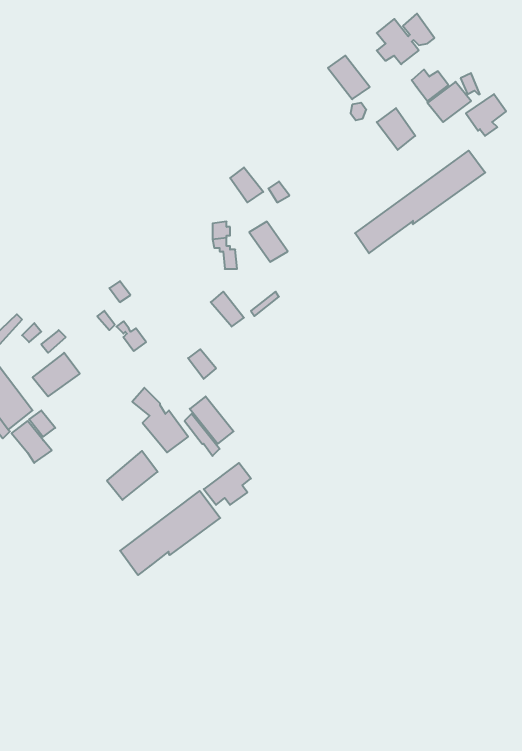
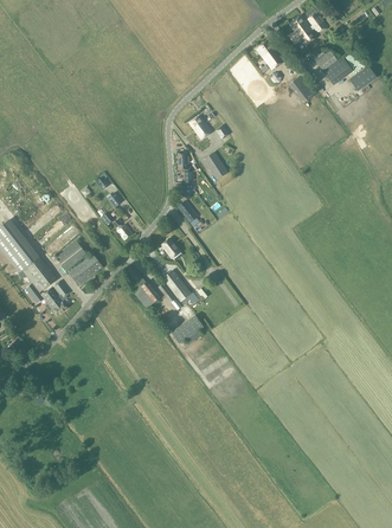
building: [355,151,485,253] -> none
building: [107,451,158,500] -> [69,252,103,285]
building: [120,491,220,575] -> none

